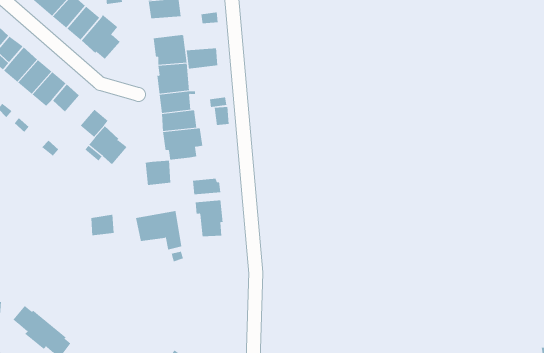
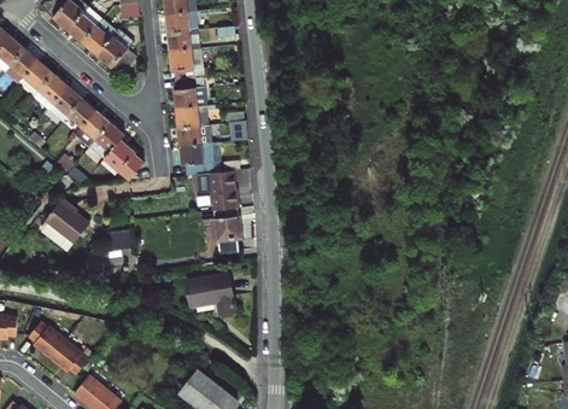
building: [186,48,218,69] -> [166,31,199,53]
building: none -> [75,111,110,147]
building: [145,160,171,185] -> [206,171,233,197]
building: none -> [45,200,92,252]
building: [135,210,182,250] -> [187,275,234,315]

